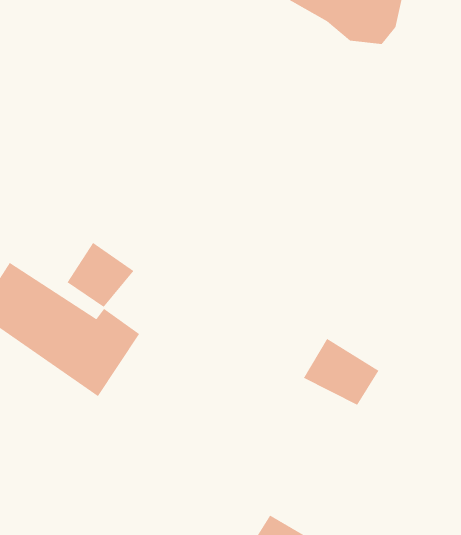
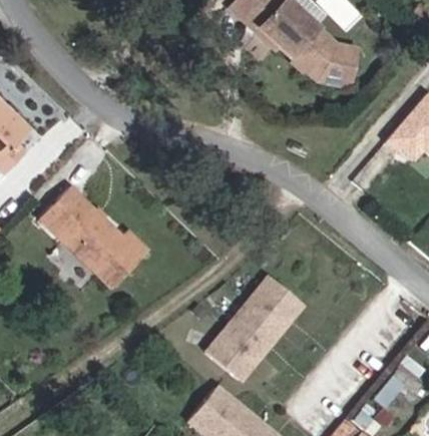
building: [66,242,135,308] -> none
building: none -> [210,299,284,373]

